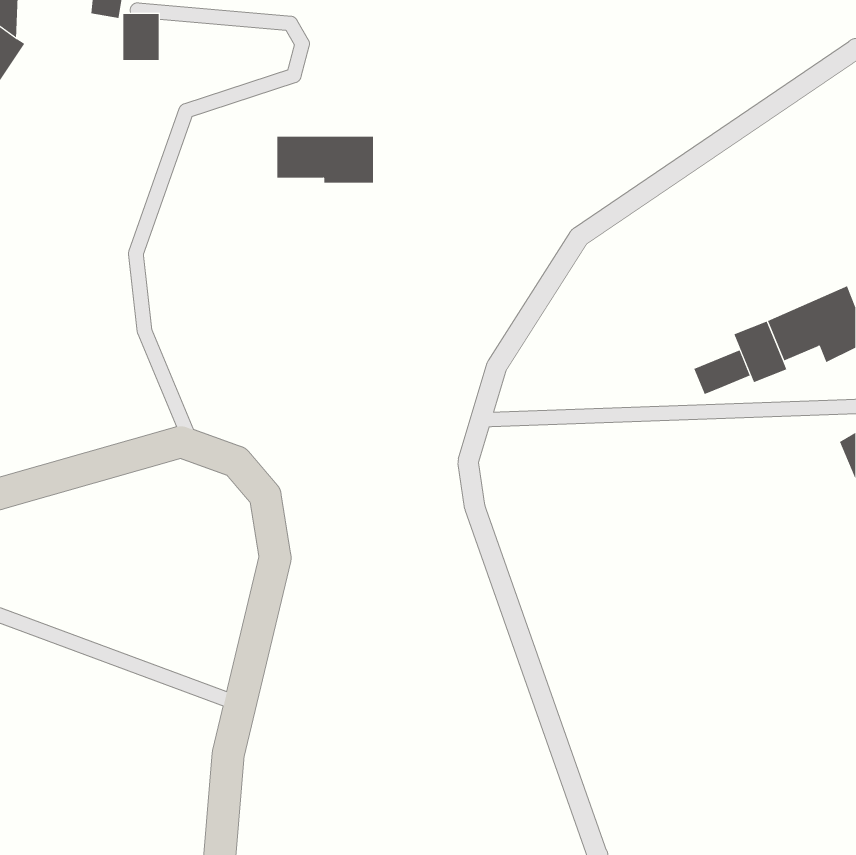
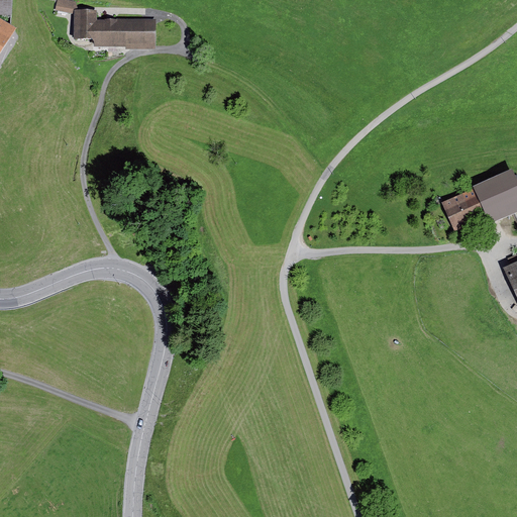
building: [276,136,374,183] -> [96,19,154,47]
building: [694,349,751,395] -> none

